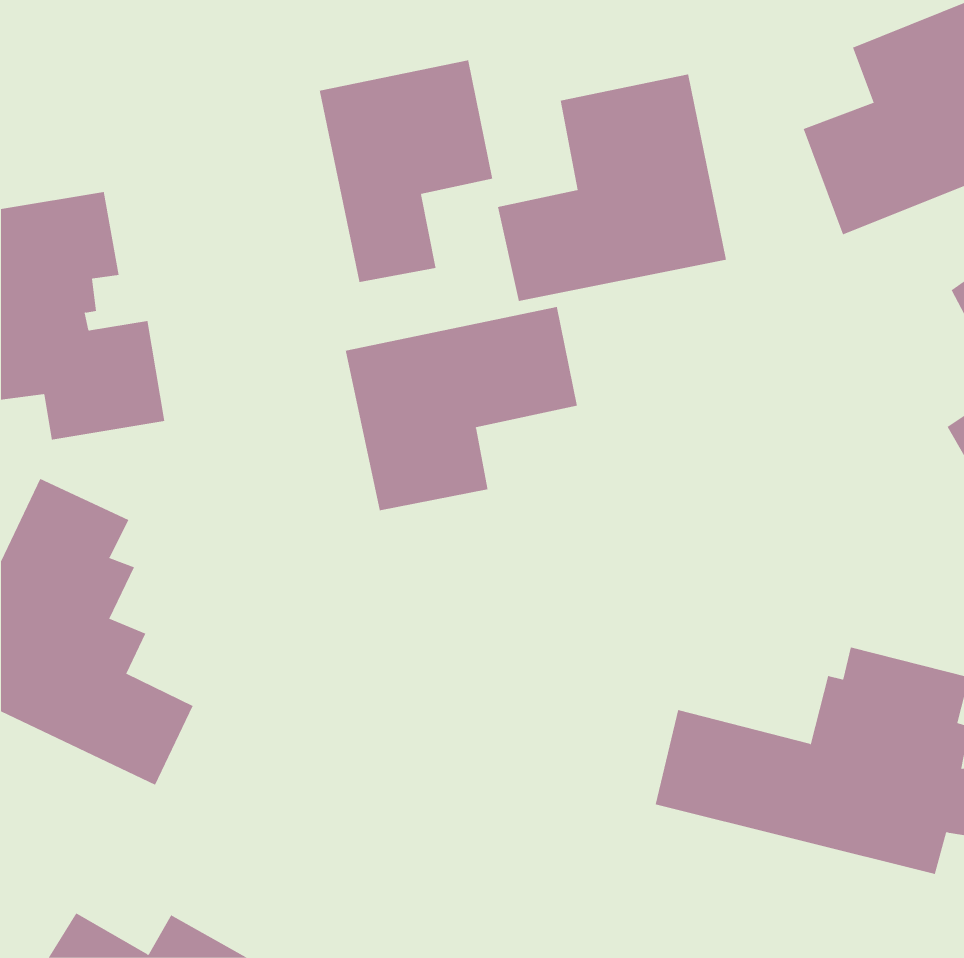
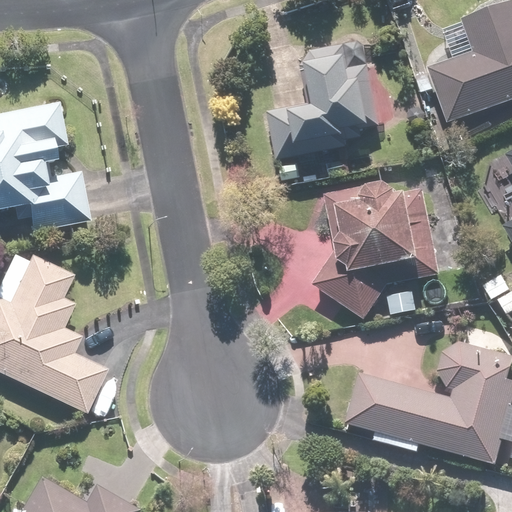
building: [319,60,493,283] -> none
building: [345,306,577,511] -> none
building: none -> [313,181,422,319]

